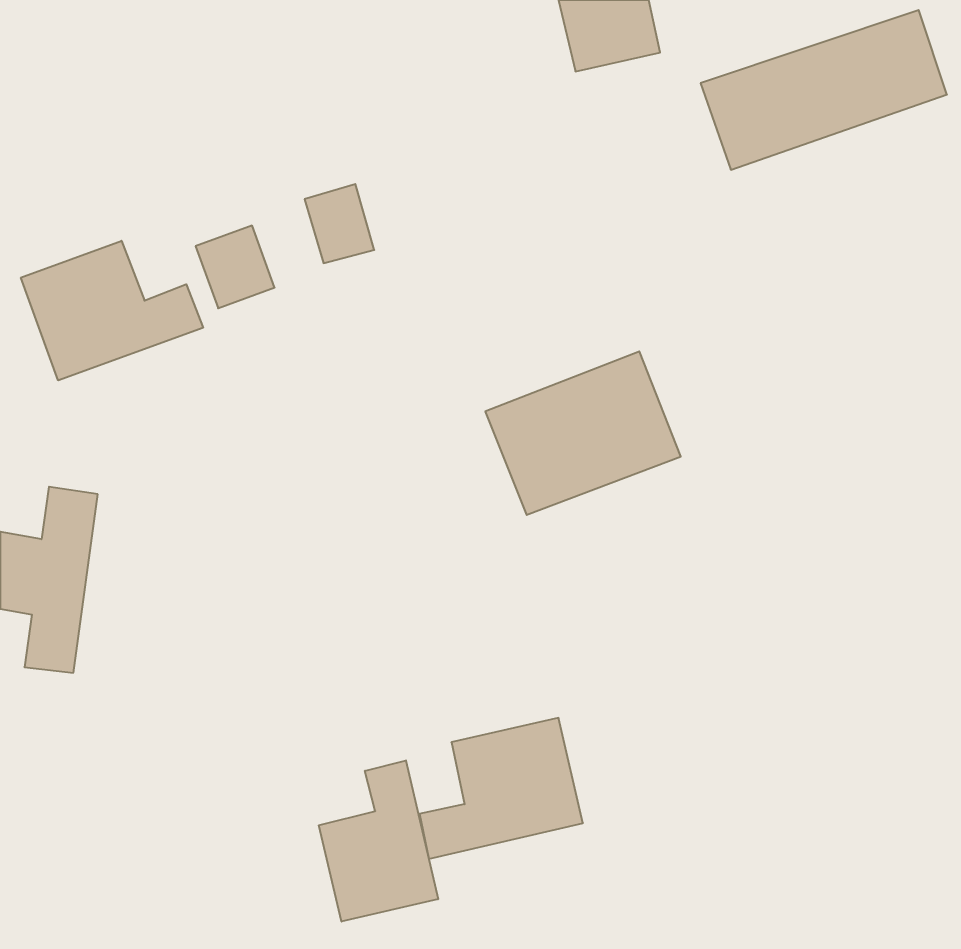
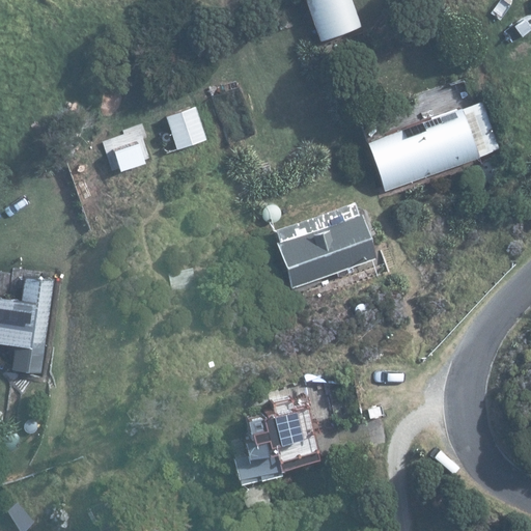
building: [701,10,947,170] -> [364,102,500,190]
building: [21,241,203,380] -> none
building: [319,760,438,922] -> none

